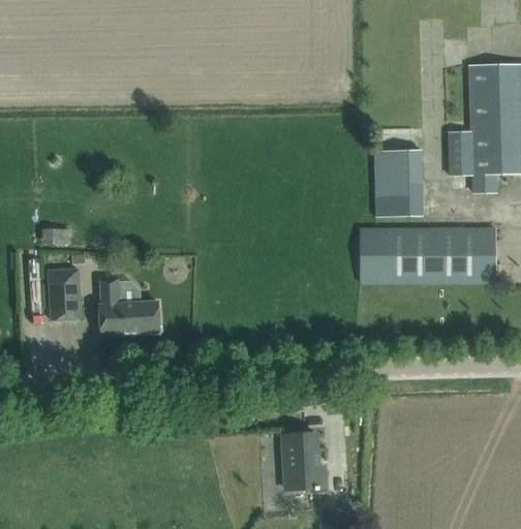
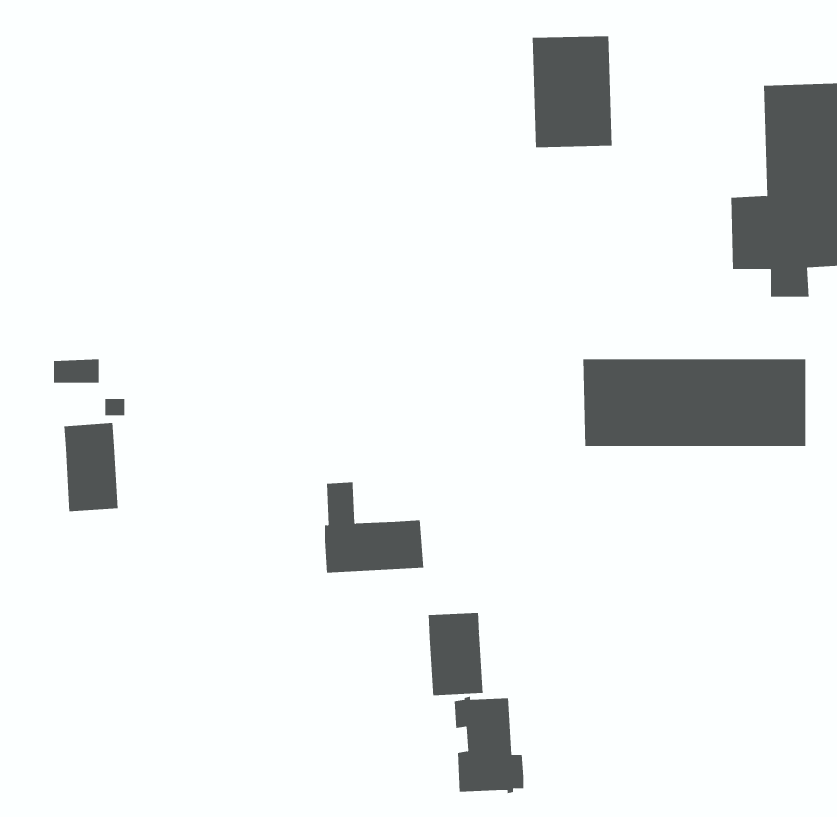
building: [373,149,422,216] -> [532,36,613,148]
building: [99,278,159,333] -> [324,482,424,573]
building: none -> [428,612,483,696]

